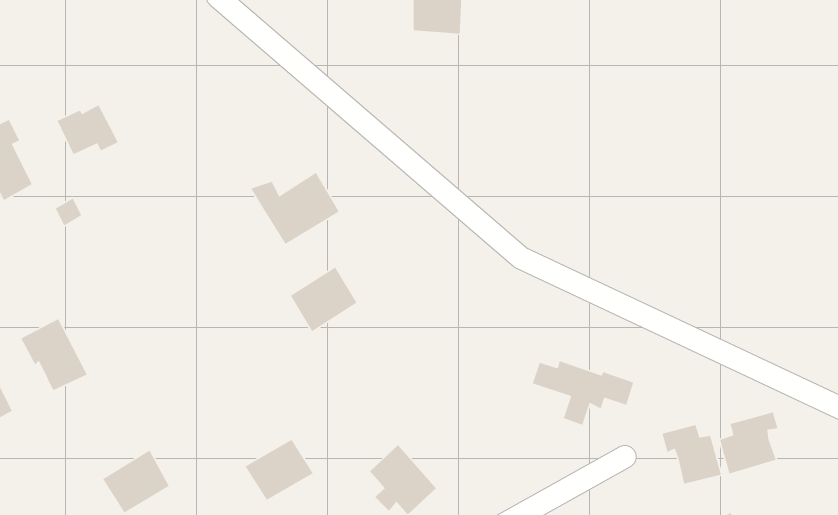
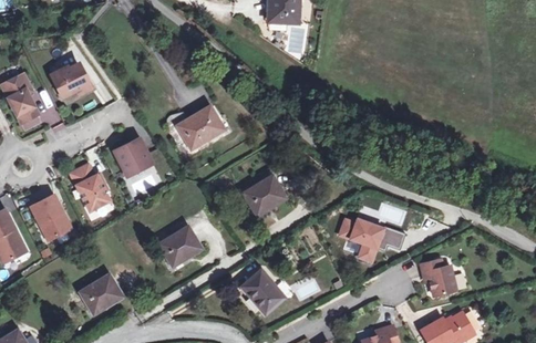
building: none -> [115,141,151,175]
building: [290,266,357,332] -> [245,175,286,215]
building: none -> [71,164,110,210]
building: [719,411,778,474] -> none
building: [244,439,314,501] -> [159,227,202,264]

